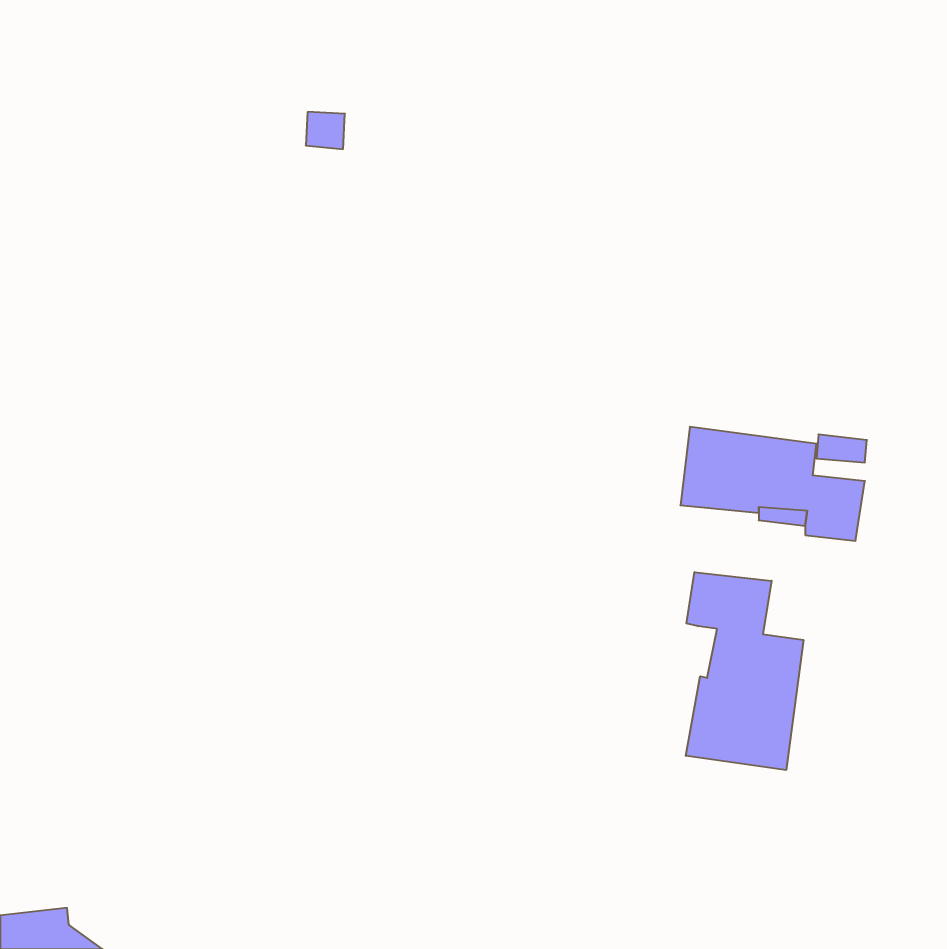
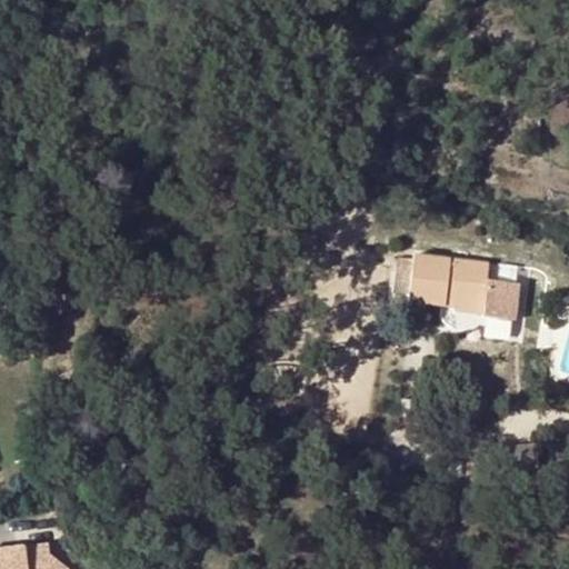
building: [686,572,803,770] -> none

